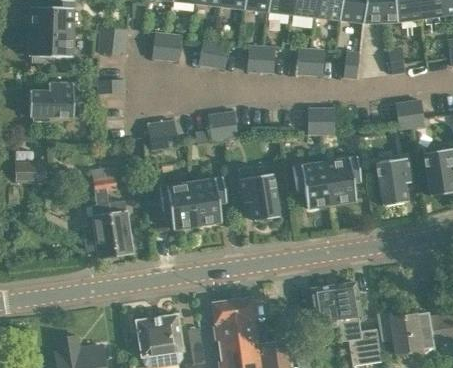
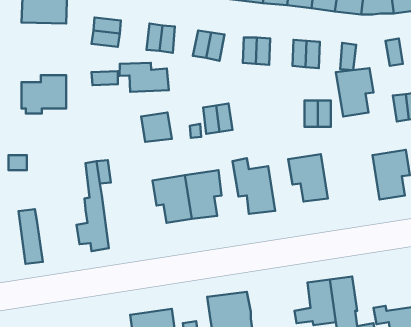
building: [29,31,74,62] -> none
building: none -> [120,63,169,92]
building: [325,157,362,205] -> [336,68,373,117]
building: [109,200,133,254] -> [19,209,43,264]

